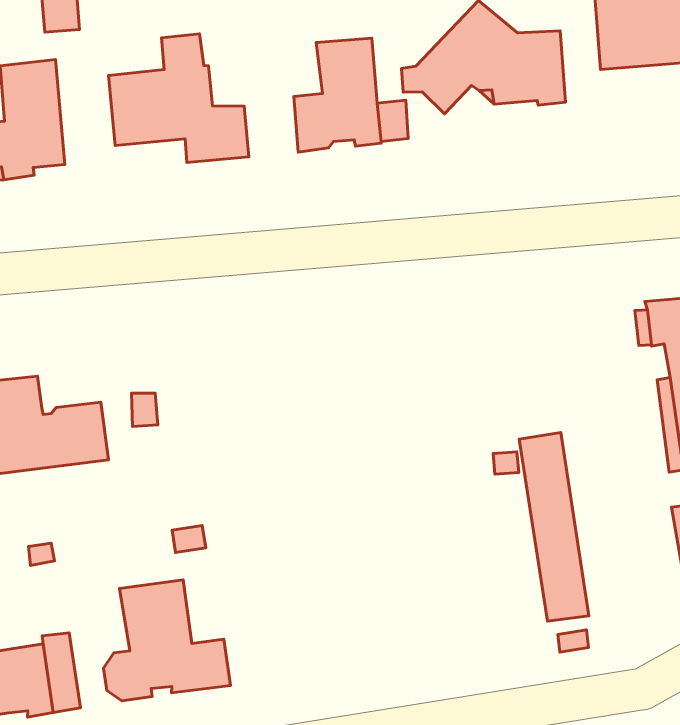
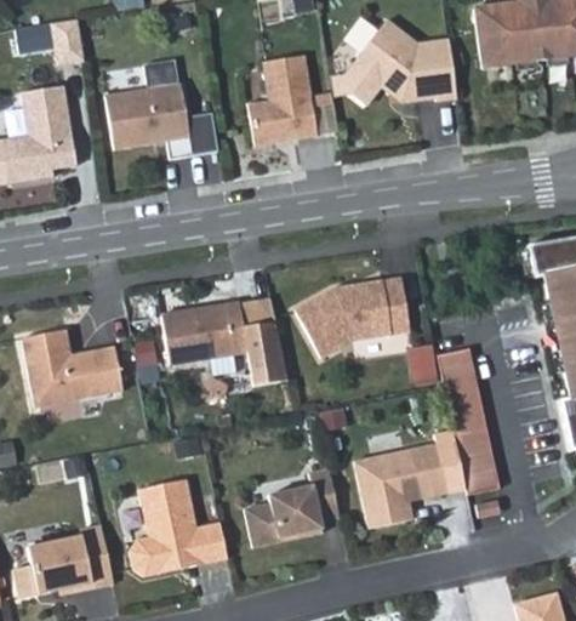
building: none -> [295,277,411,358]
building: none -> [161,302,290,388]
building: none -> [354,441,449,528]
building: none -> [245,468,341,547]

